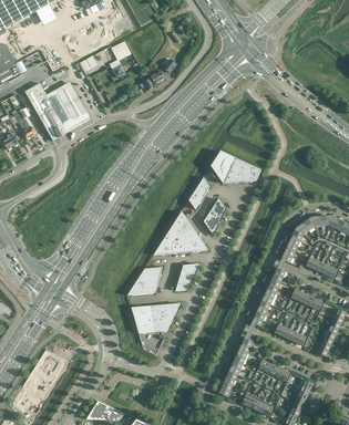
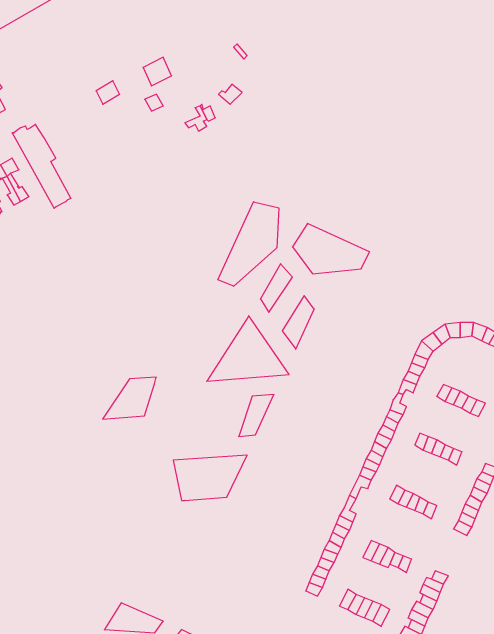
building: [45,80,91,134] -> none
building: none -> [218,202,279,286]
building: [126,267,162,294] -> [103,377,156,419]

